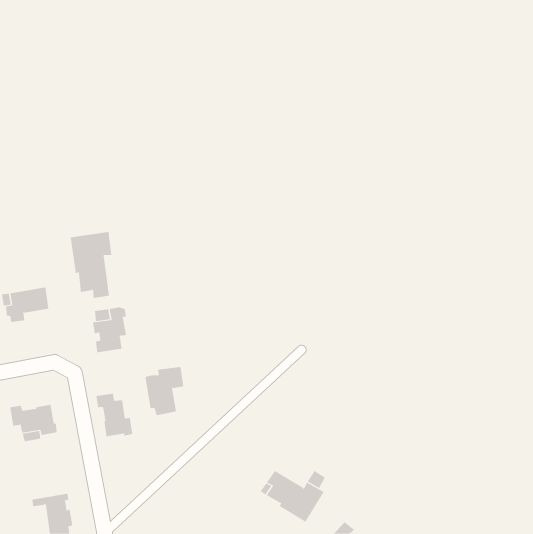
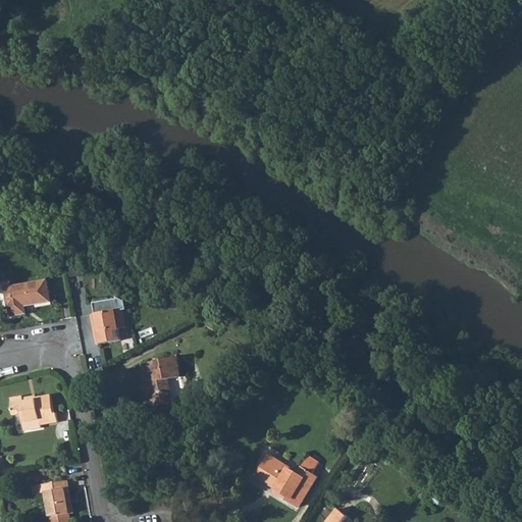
building: [70,231,112,299] -> none
building: [96,393,133,437] -> none

